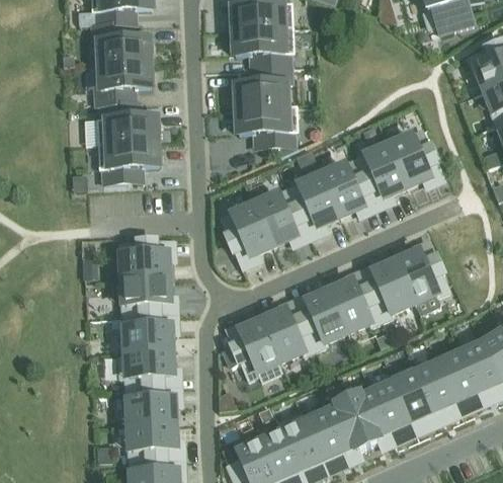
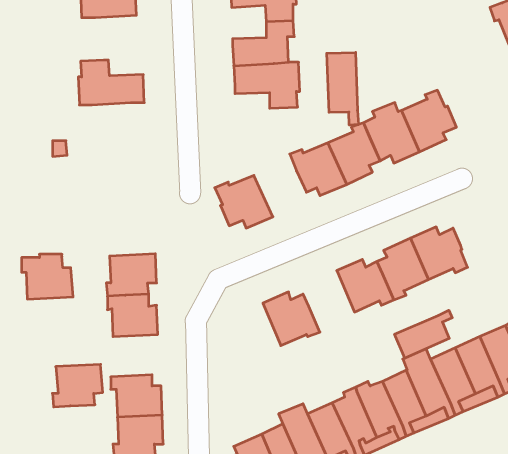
building: [94,59,150,100] -> none
building: none -> [327,52,358,125]
building: [97,138,157,179] -> none
building: [255,184,303,241] -> none
building: [119,236,166,276] -> [22,254,73,299]
building: [300,290,346,345] -> none
building: [232,319,280,376] -> none
building: none -> [395,310,452,358]
building: [124,347,170,386] -> [52,364,103,407]

